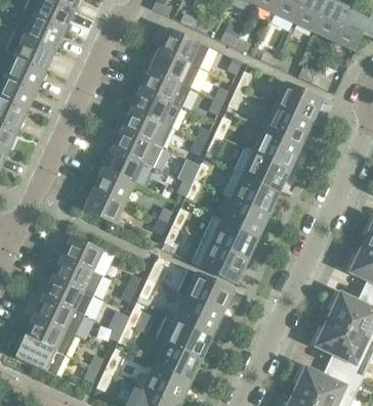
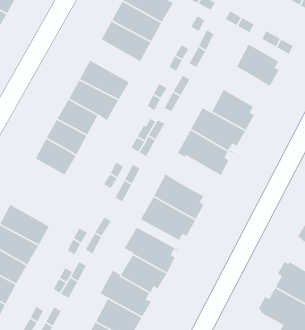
building: [131,88,181,128] -> none
building: [264,105,310,145] -> none
building: [222,196,268,237] -> none
building: [63,235,103,270] -> none

